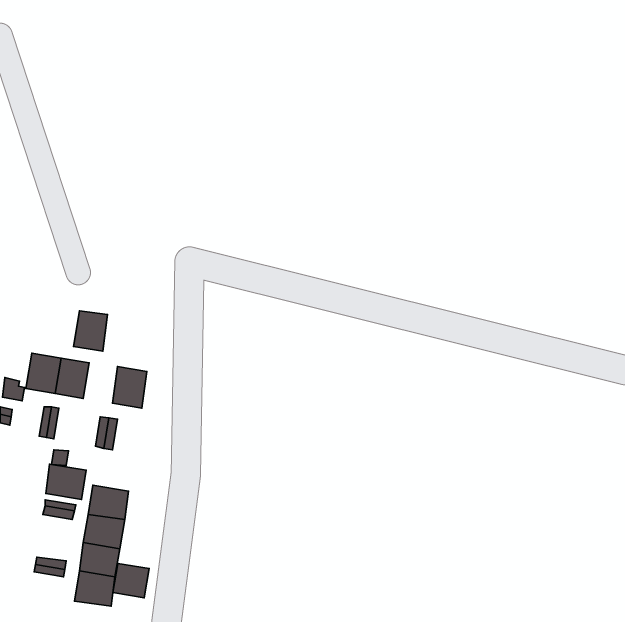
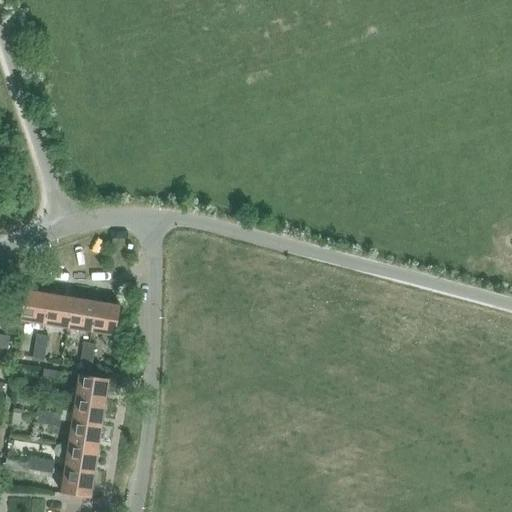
building: [73,311,108,351] -> [68,297,96,330]
building: [46,464,86,500] -> [76,373,109,402]
building: [113,563,149,598] -> none

